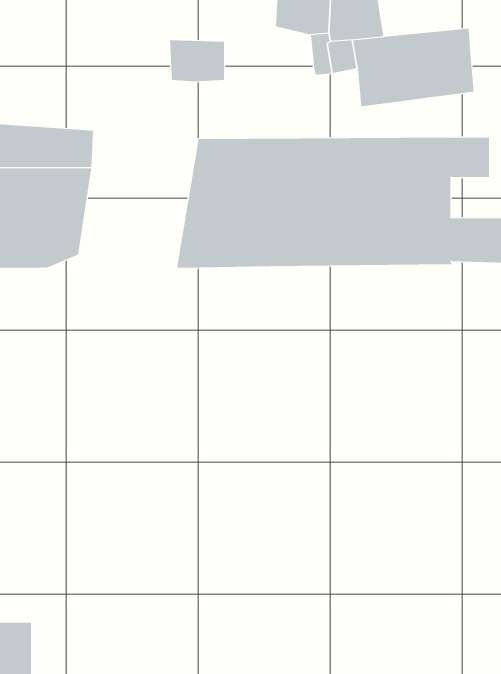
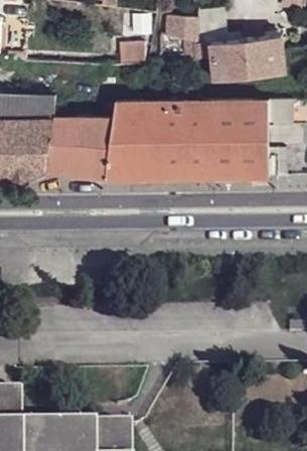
building: none -> [47,119,116,179]

